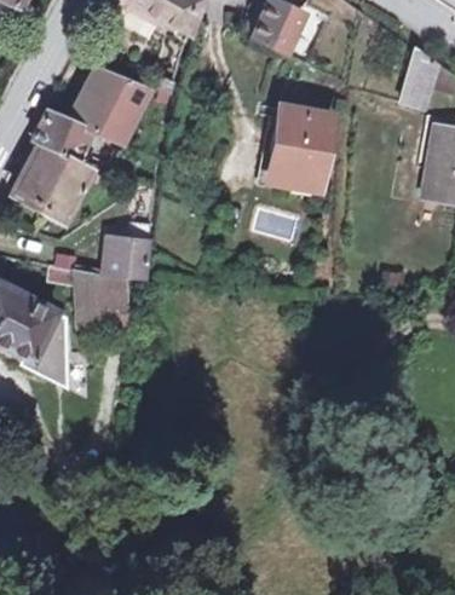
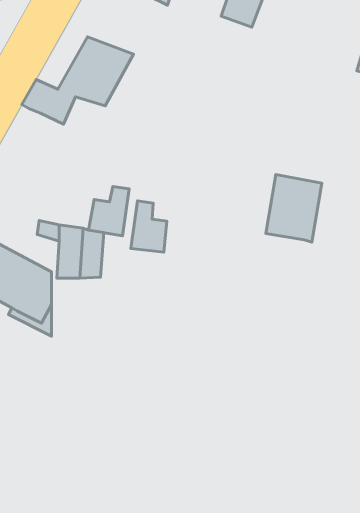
building: [271,103,333,178] -> [266,174,322,242]
building: [16,141,92,216] -> none
building: none -> [131,201,167,252]

